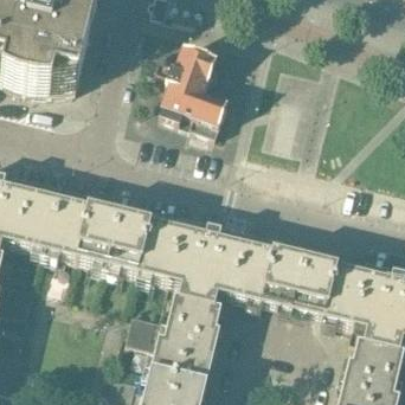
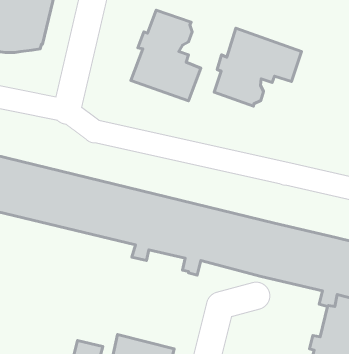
building: none -> [214,28,301,106]
building: [127,279,221,377] -> none

